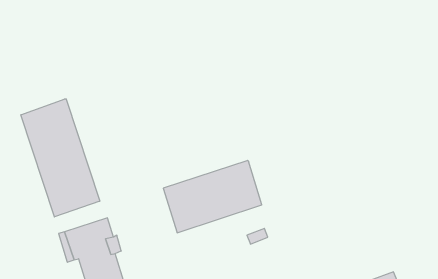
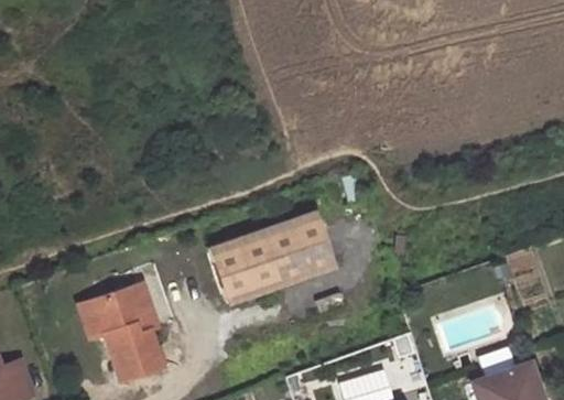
building: [21,99,100,217] -> none

